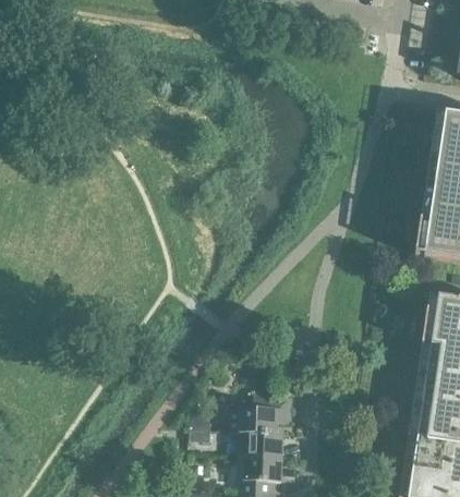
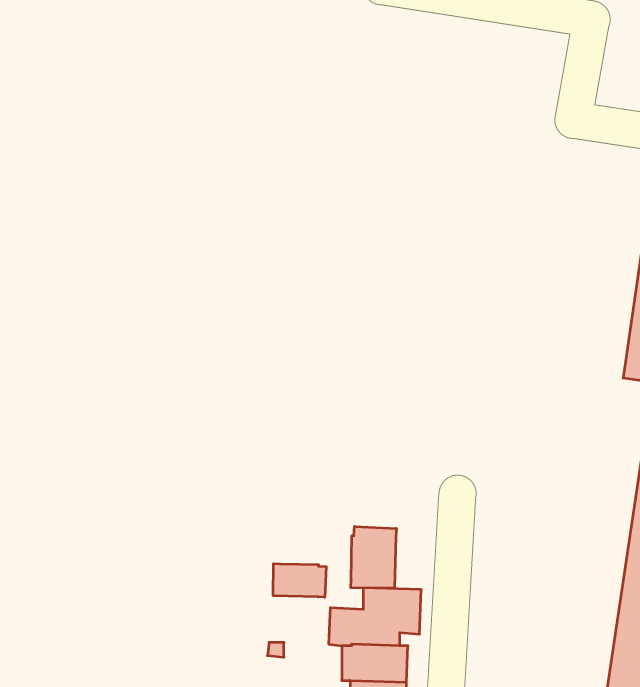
building: none -> [351,526,396,588]
building: none -> [273,564,326,597]

